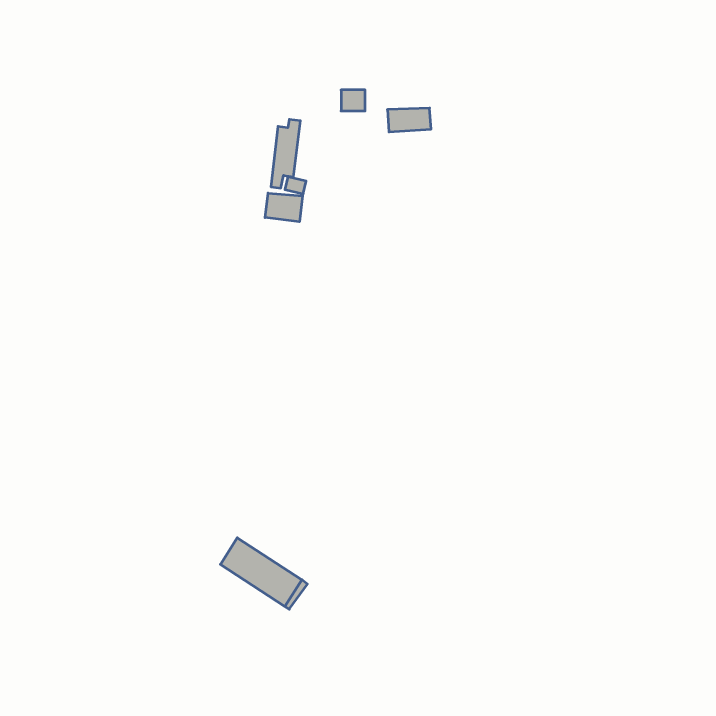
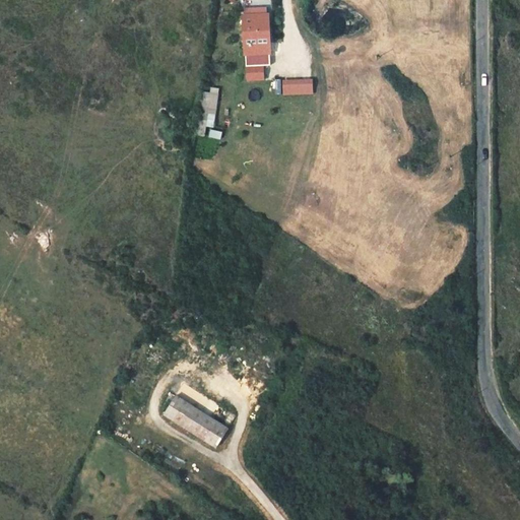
building: none -> [242,9,271,58]
building: [265,193,303,222] -> none

